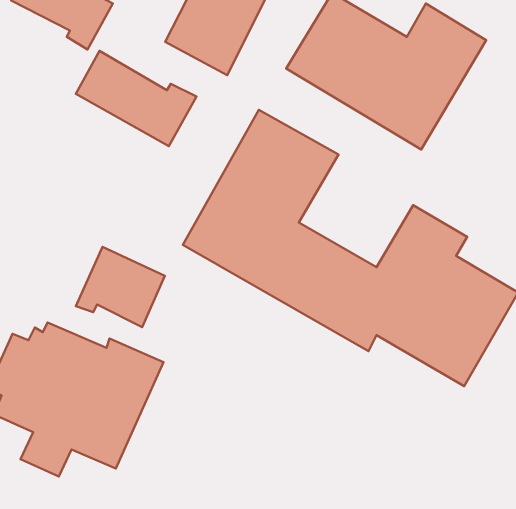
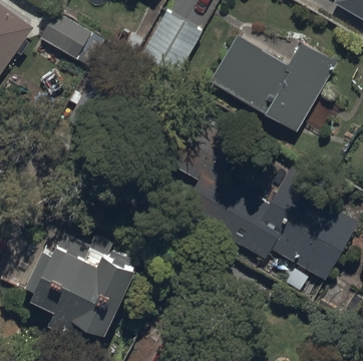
building: [76,51,196,146] -> none
building: [76,247,165,327] -> none

